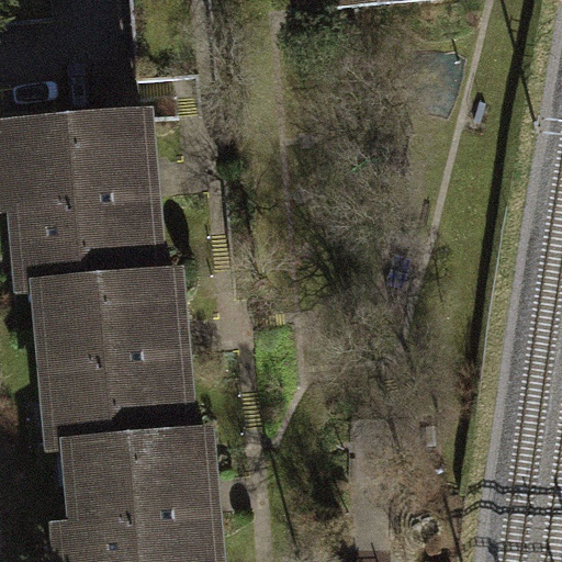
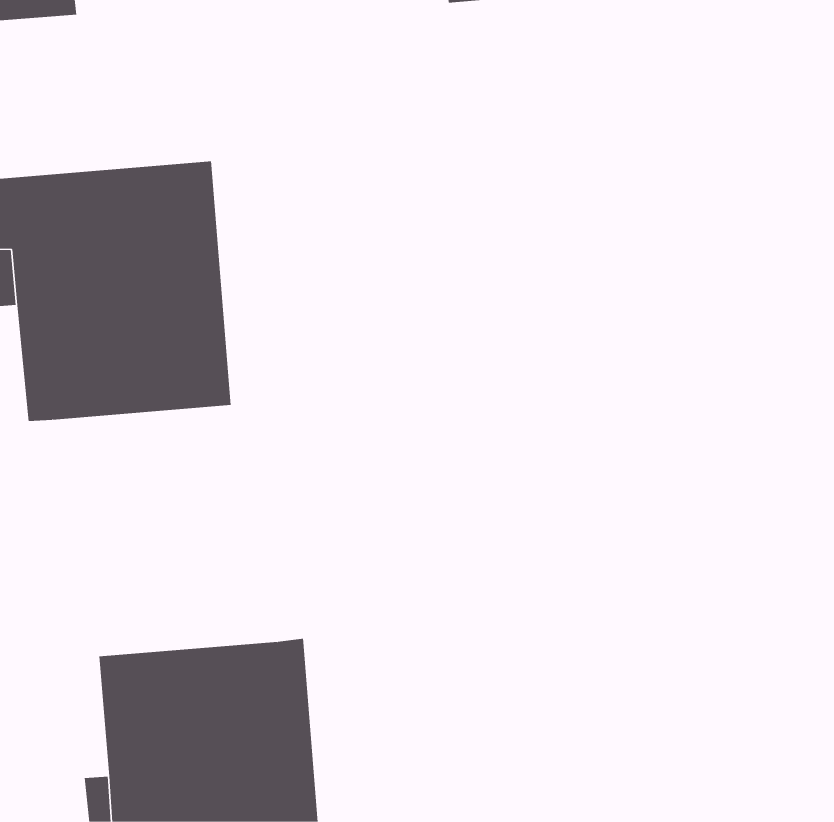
building: [35,270,186,440] -> none

